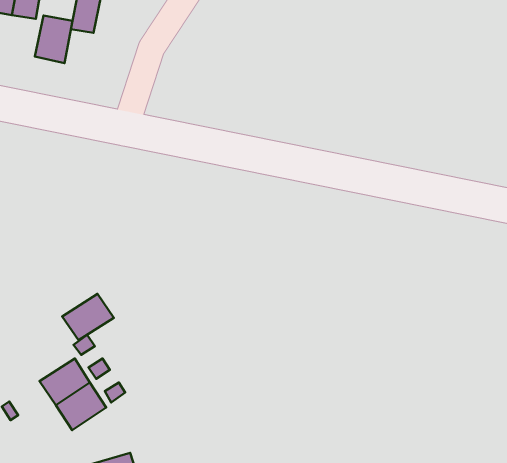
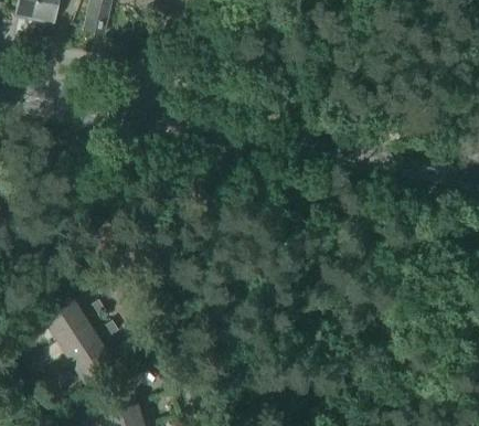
building: [35,15,73,63] -> none
building: [62,294,114,340] -> [42,298,87,339]

